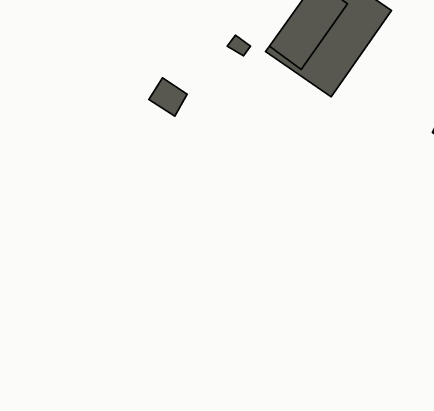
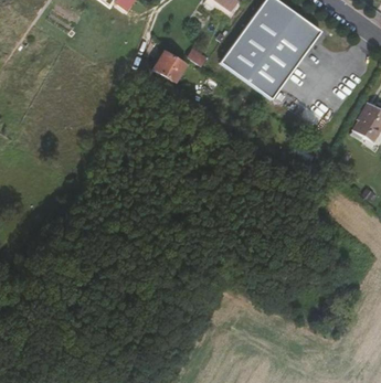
building: [149,78,187,116] -> [152,50,183,81]

